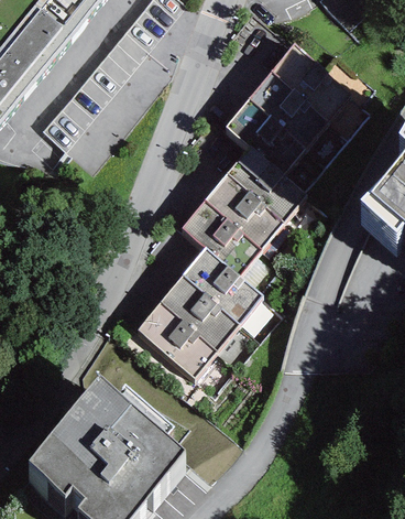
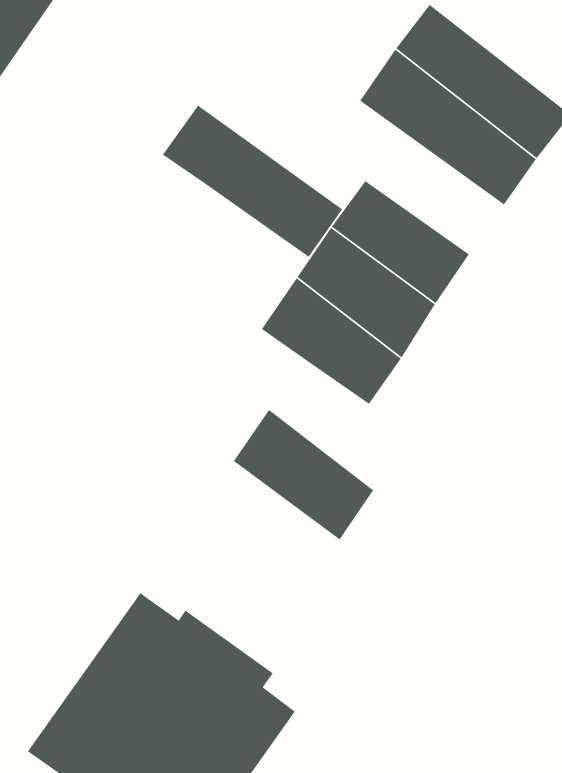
building: [223,101,326,195] -> [162,104,343,258]
building: [180,249,261,327] -> none
building: [135,304,216,381] -> none

